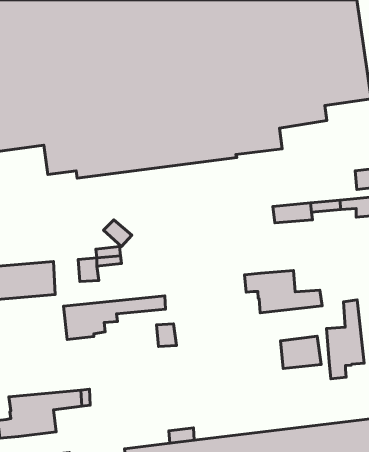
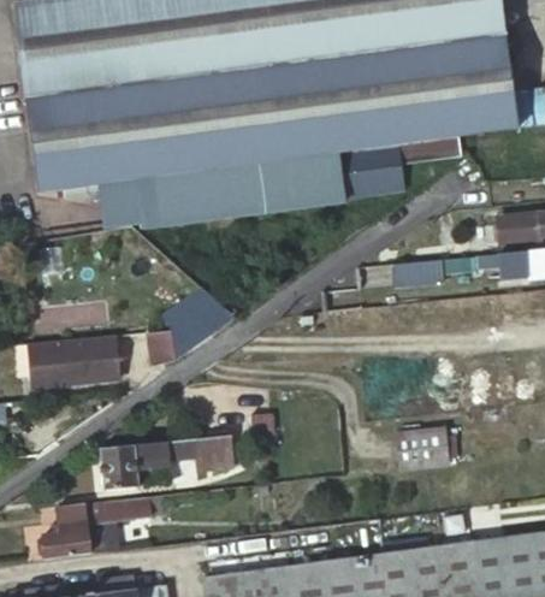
building: [245,271,322,313] -> none
building: [64,296,166,339] -> [100,437,230,492]
building: [327,300,364,379] -> none

